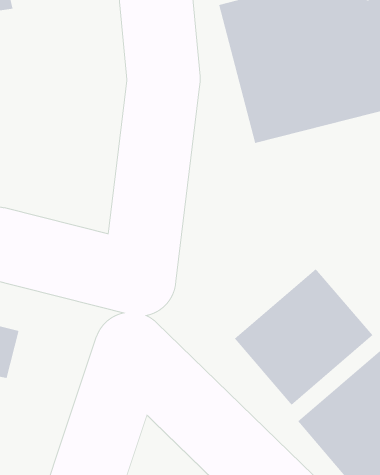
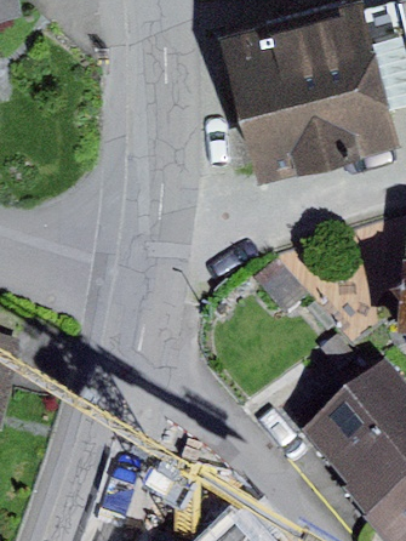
building: [234,268,374,406] -> none

